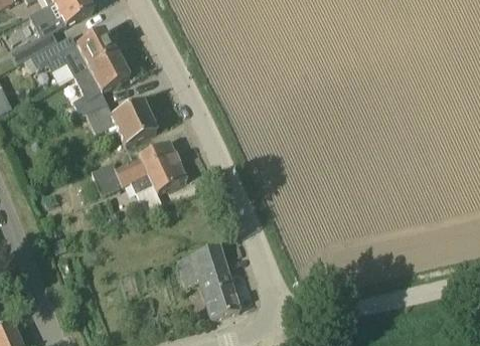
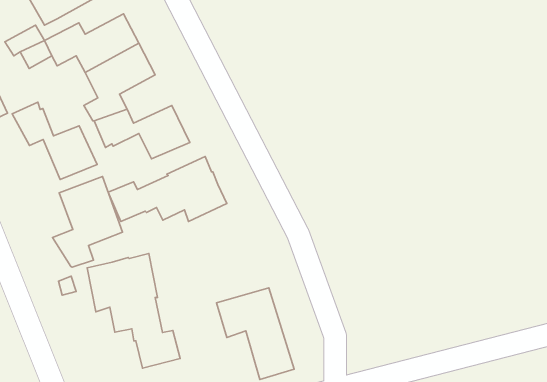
building: none -> [12,102,97,179]
building: none -> [53,176,122,267]
building: none -> [87,254,180,368]

